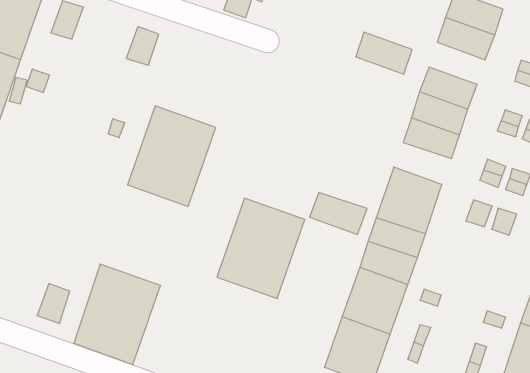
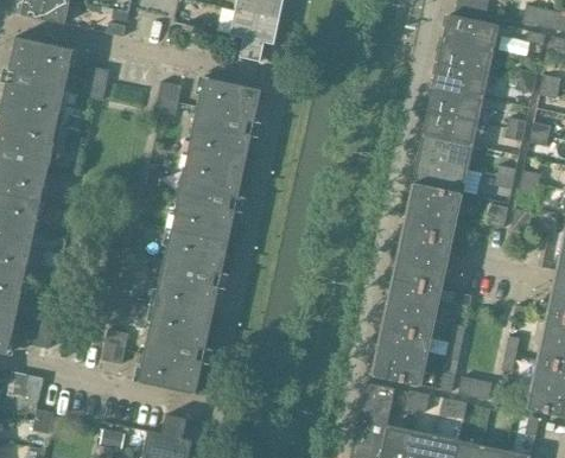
building: none -> [186,77,261,166]
building: [356,32,412,74] -> [434,63,485,97]
building: [309,192,367,234] -> [413,159,465,193]
building: [217,198,305,299] -> [153,229,228,318]

